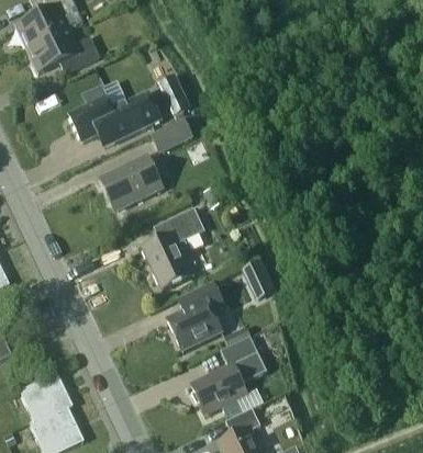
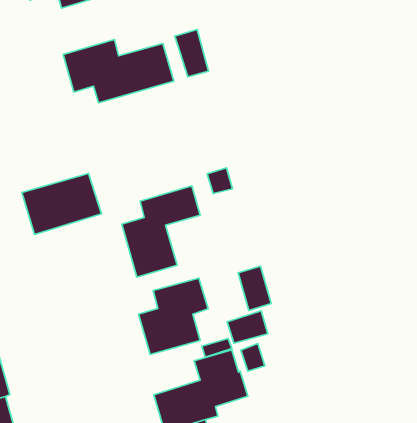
building: [152,118,194,152] -> none
building: [98,150,167,208] -> [22,173,102,234]
building: none -> [227,311,268,343]

